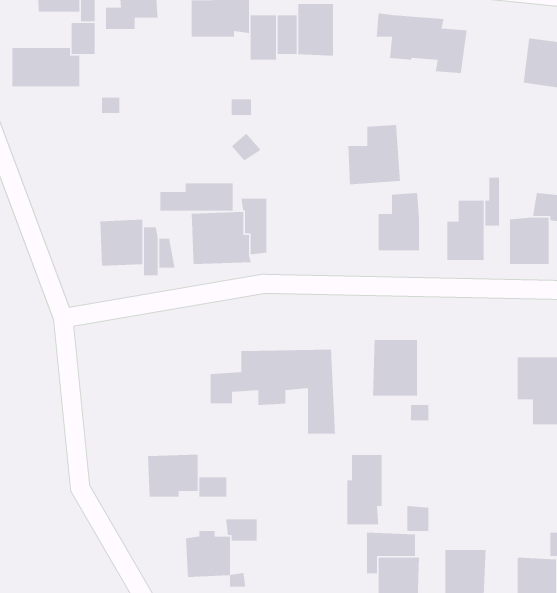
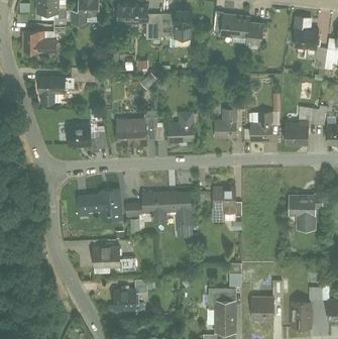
building: [347,124,401,185] -> [168,110,197,142]
building: none -> [39,76,67,103]
building: [159,183,234,211] -> none
building: none -> [79,189,124,220]
building: [347,454,382,525] -> none

